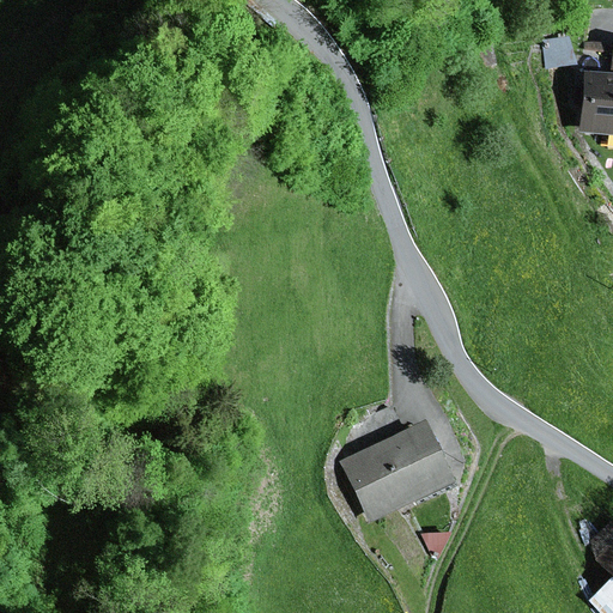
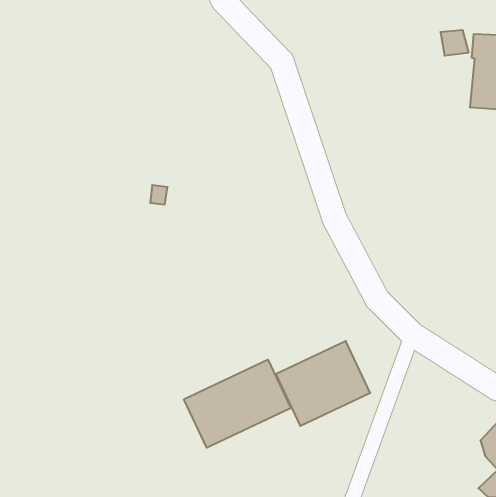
building: none -> [184,360,291,448]

